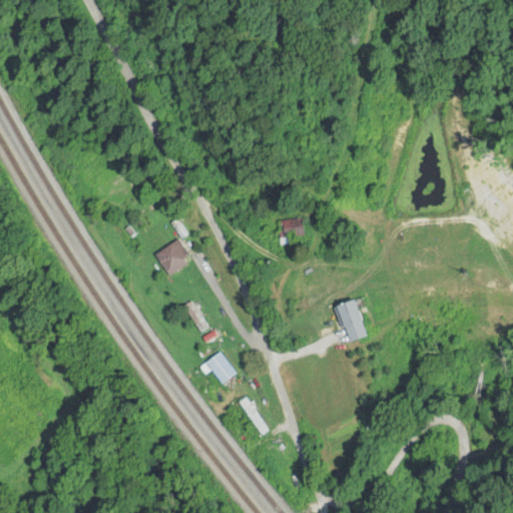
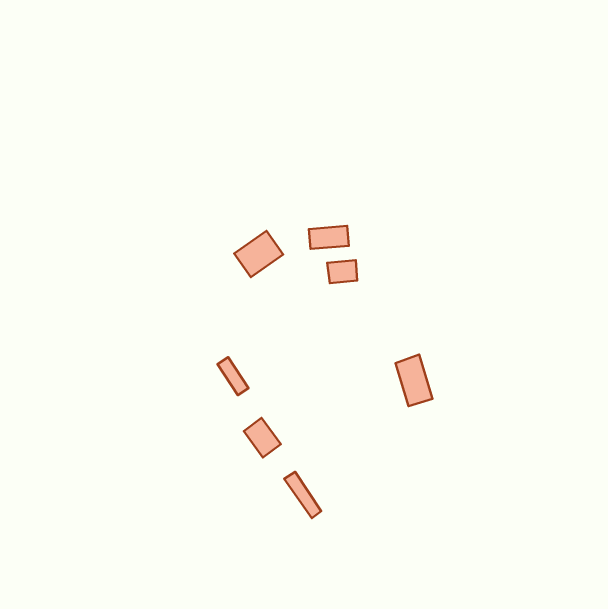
building: none -> [309,226,349,249]
building: [154,236,195,276] -> [234,231,283,277]

